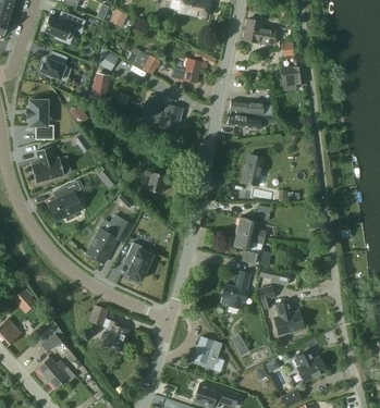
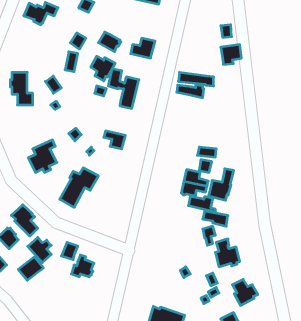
building: [243,18,275,44] -> none
building: [39,50,68,78] -> none
building: none -> [91,56,115,81]
building: [30,146,71,183] -> none
building: [243,153,263,185] -> none
building: [126,242,154,280] -> none
building: none -> [11,205,38,236]
building: [220,270,250,308] -> [209,169,234,200]
building: [192,336,221,369] -> none
building: [38,357,66,387] -> [28,237,51,263]

